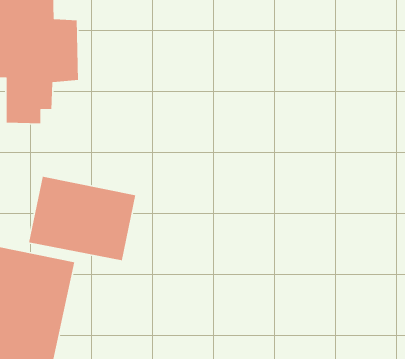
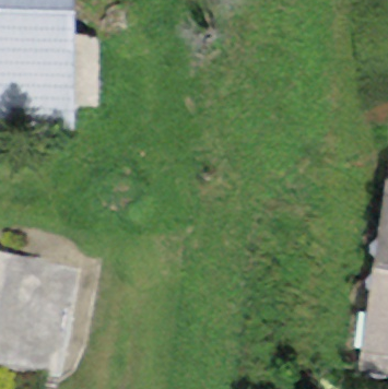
building: [28,176,136,261] -> none

